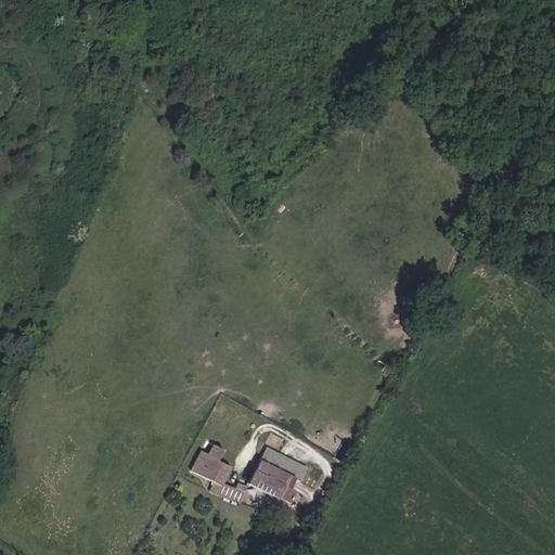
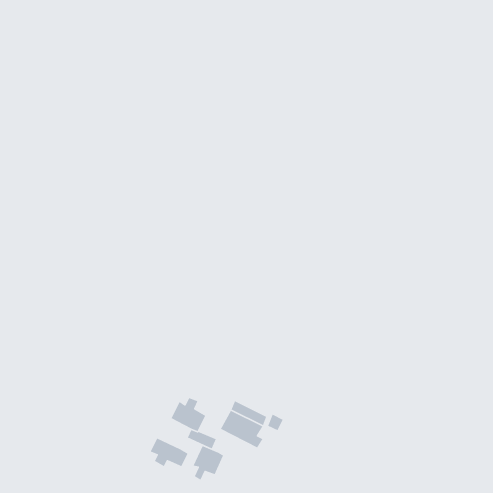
building: none -> [150,437,188,467]
building: none -> [193,445,224,481]

